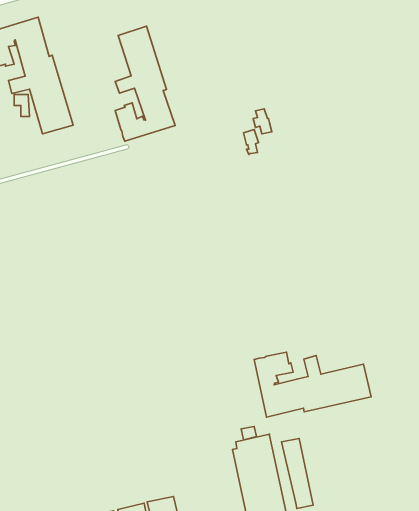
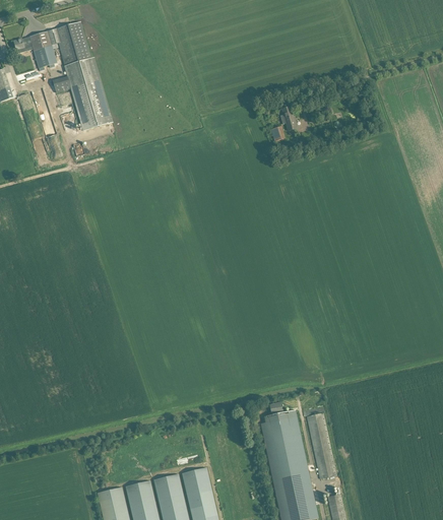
building: [115,26,175,141] -> none
building: [254,352,371,417] -> none

